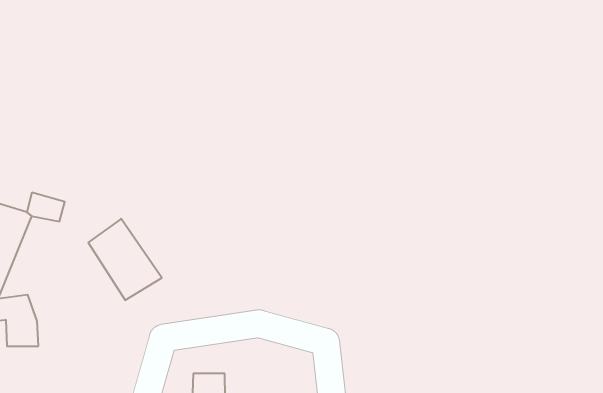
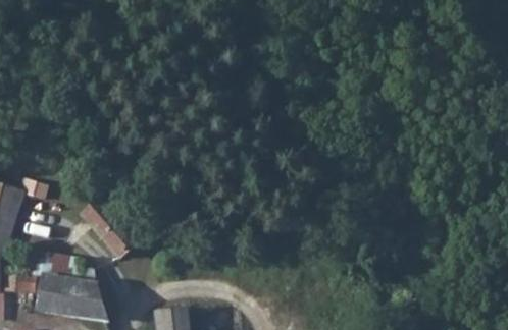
building: none -> [51,274,106,324]

